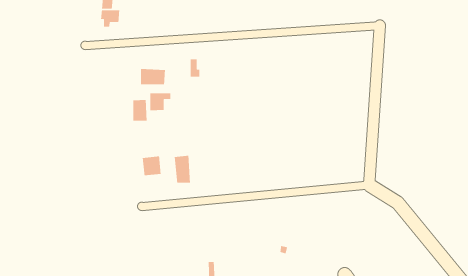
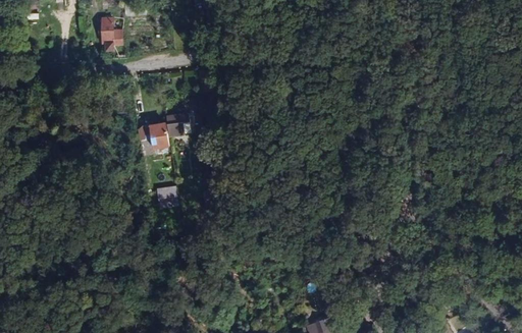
building: [140,68,166,85] -> none
building: [174,155,191,184] -> none

